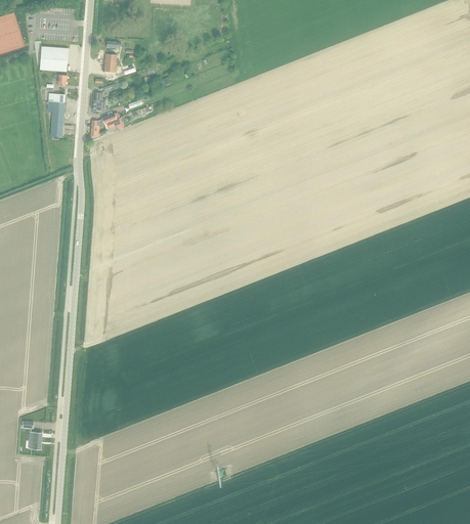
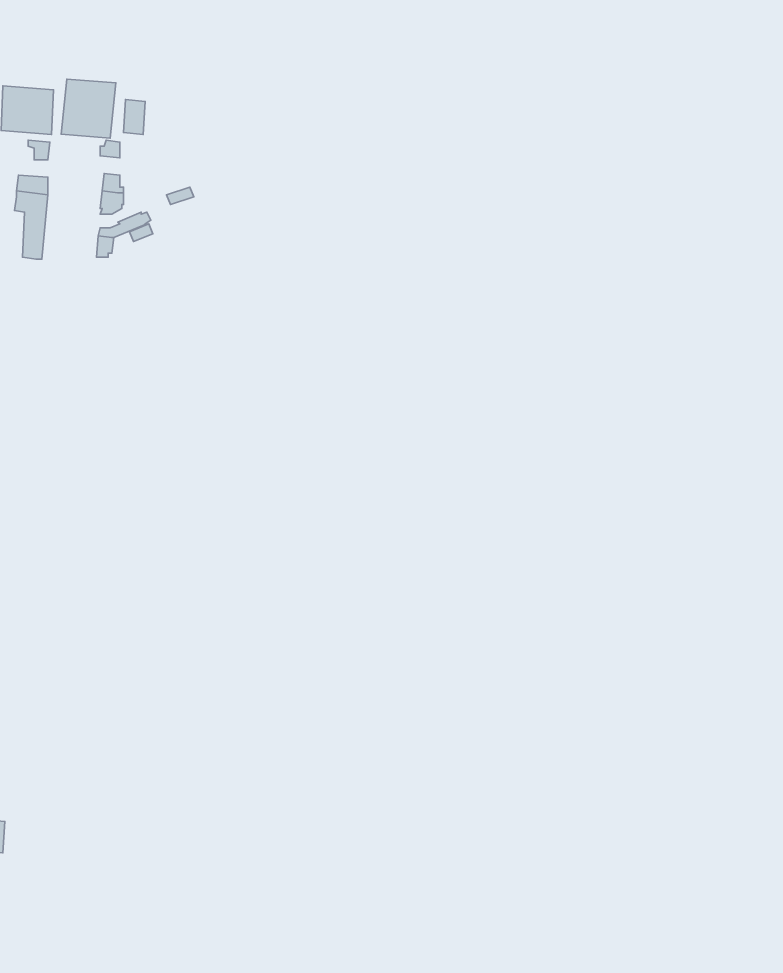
building: none -> [61,79,116,138]

